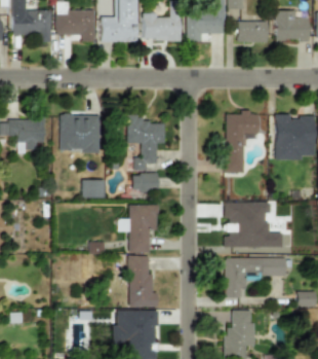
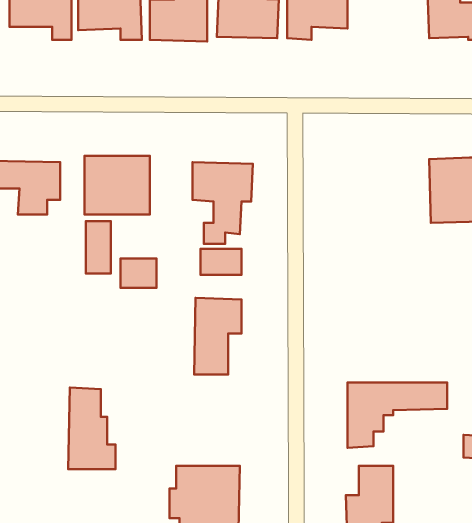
building: [237,21,268,42] -> none
building: [225,112,269,173] -> none
building: none -> [86,221,111,273]
building: [224,203,283,247] -> none
building: [128,255,158,307] -> [68,387,115,469]

